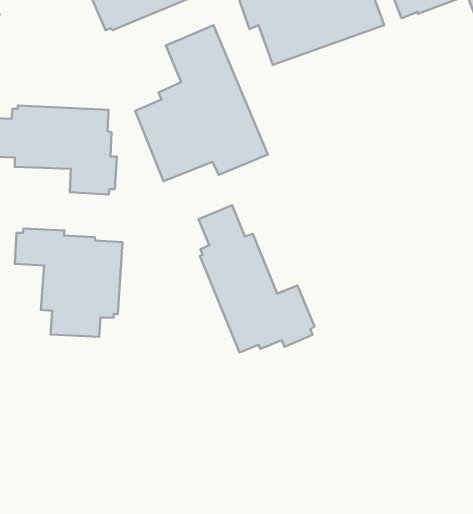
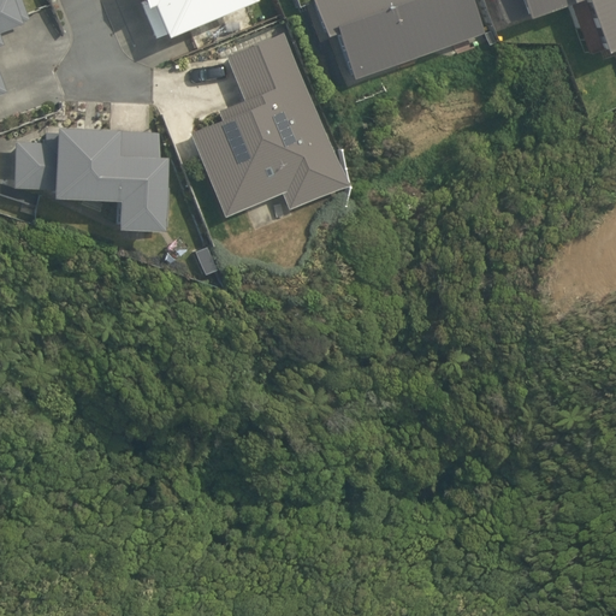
building: [199,205,315,352] -> none
building: [15,229,122,337] -> none

